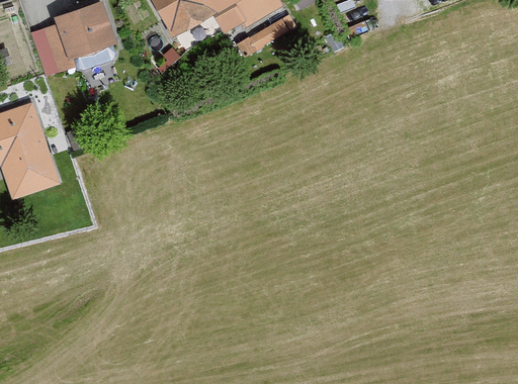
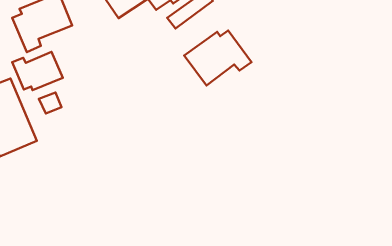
building: none -> [184,30,251,86]
building: none -> [12,52,63,90]

